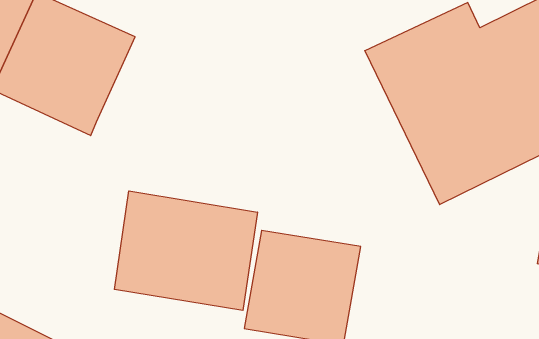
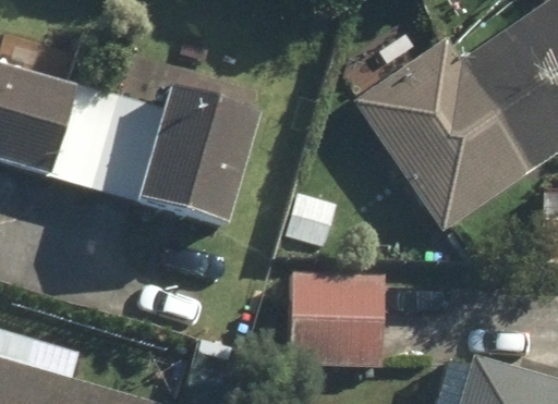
building: none -> [126,93,248,242]
building: [114,191,257,310] -> none

